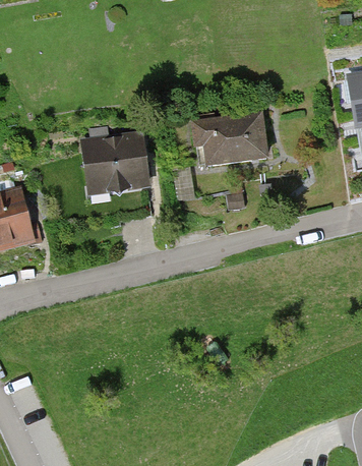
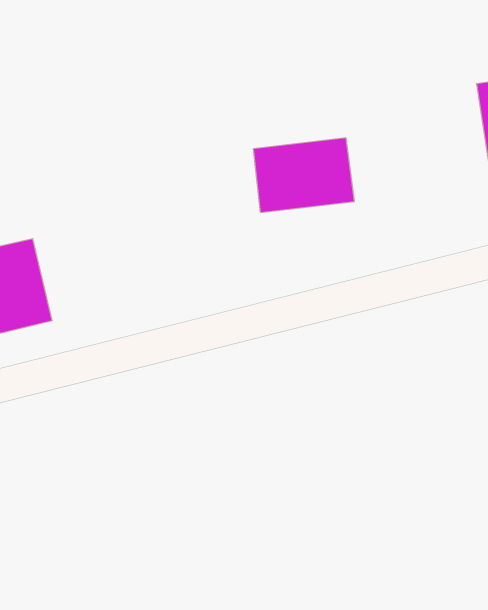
building: [84,133,152,197] -> none

